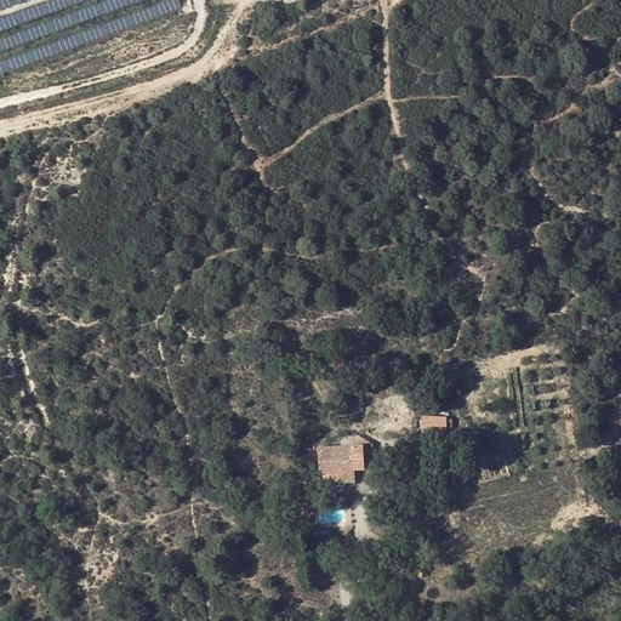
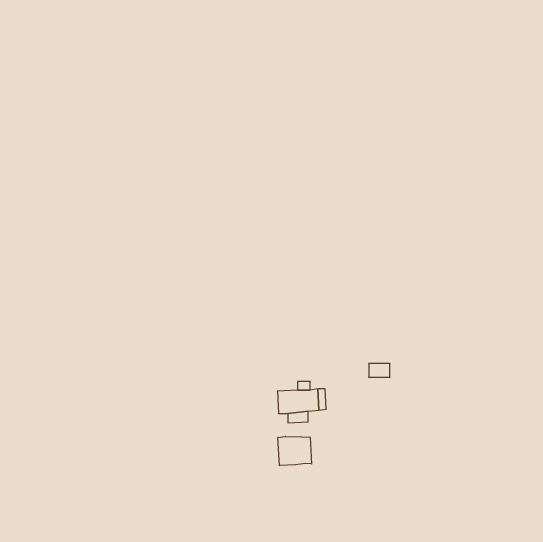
building: none -> [278,436,312,466]

